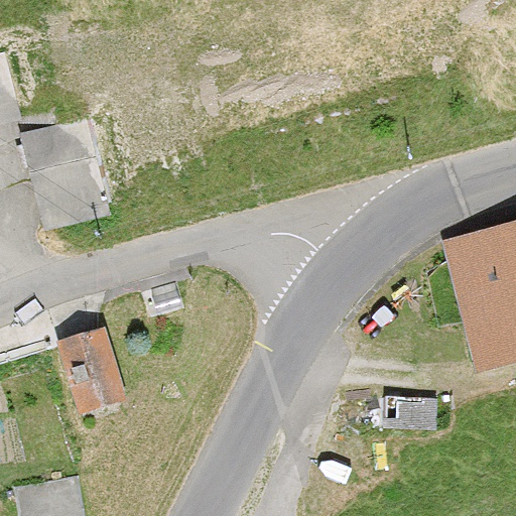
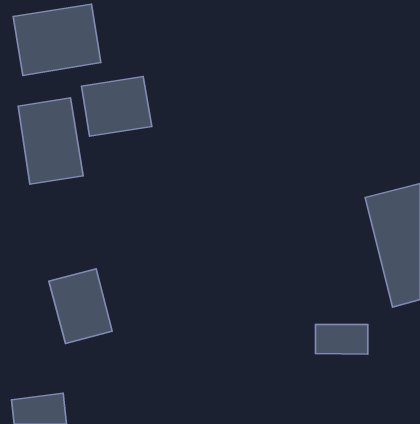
building: none -> [13,4,101,76]
building: none -> [82,77,152,136]

